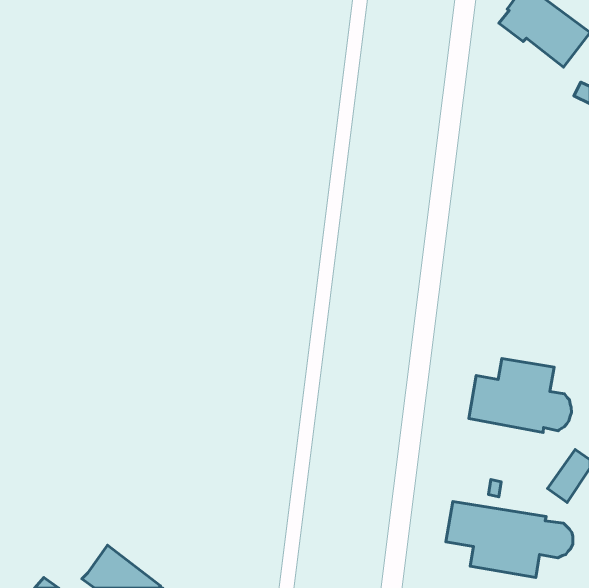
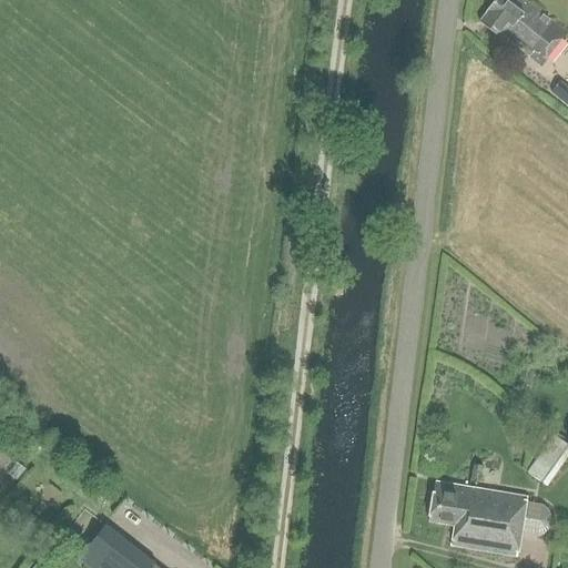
building: [469,358,571,432] -> none

